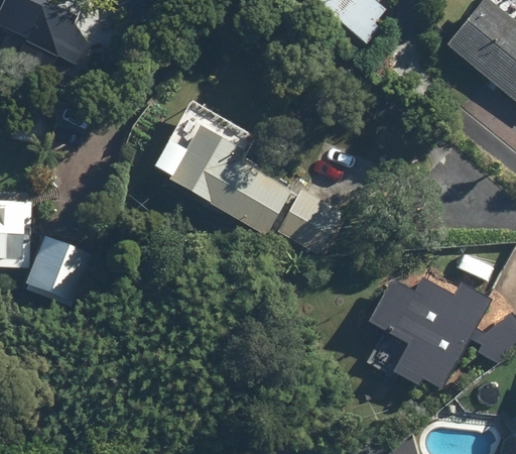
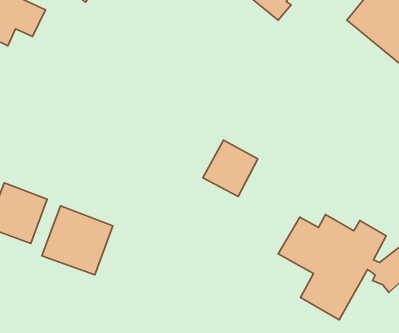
building: [169,124,292,233] -> none
building: none -> [42,206,113,275]

